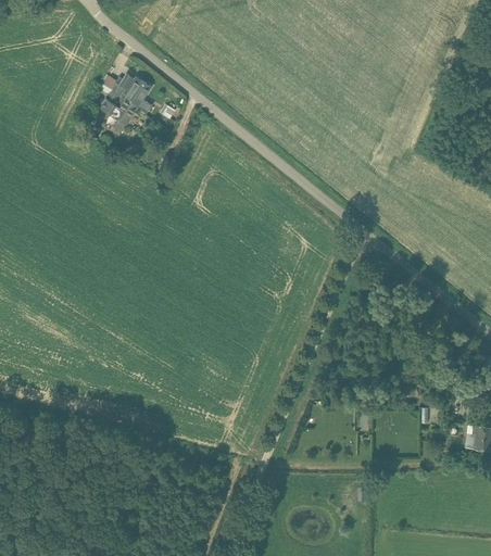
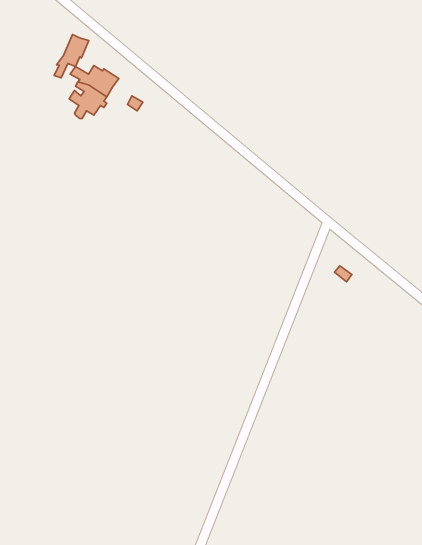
building: none -> [54,34,89,78]

